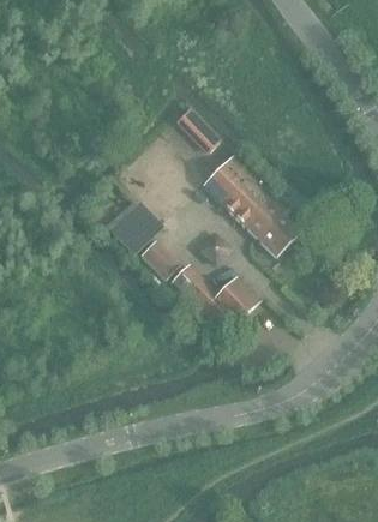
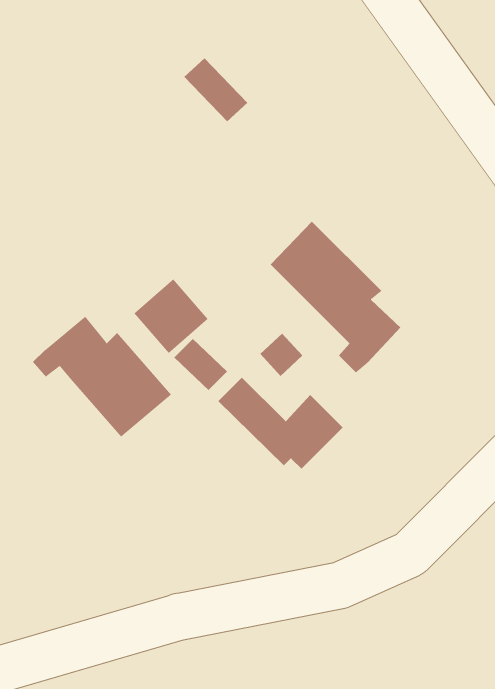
building: [175,107,220,151] -> [183,57,248,122]
building: none -> [32,316,172,438]

